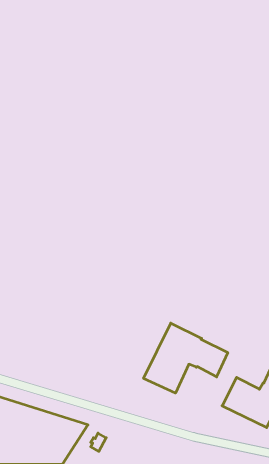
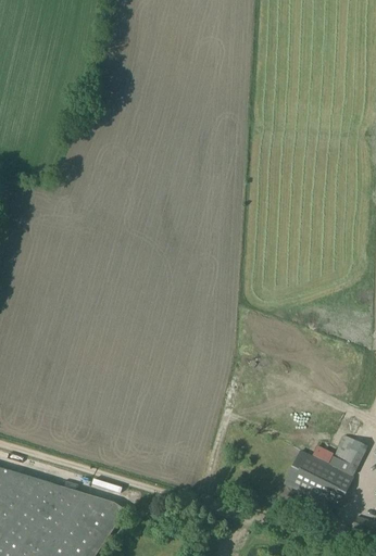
building: [144,323,228,393] -> none

